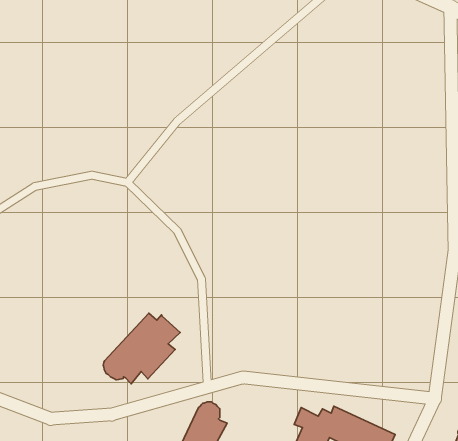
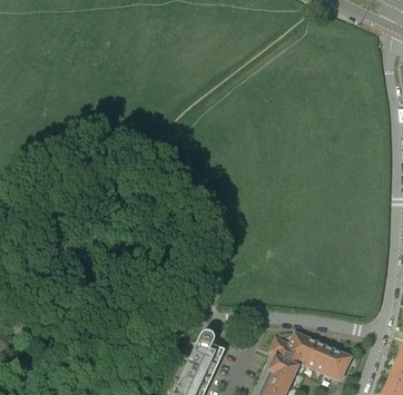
building: [103,313,180,384] -> none

